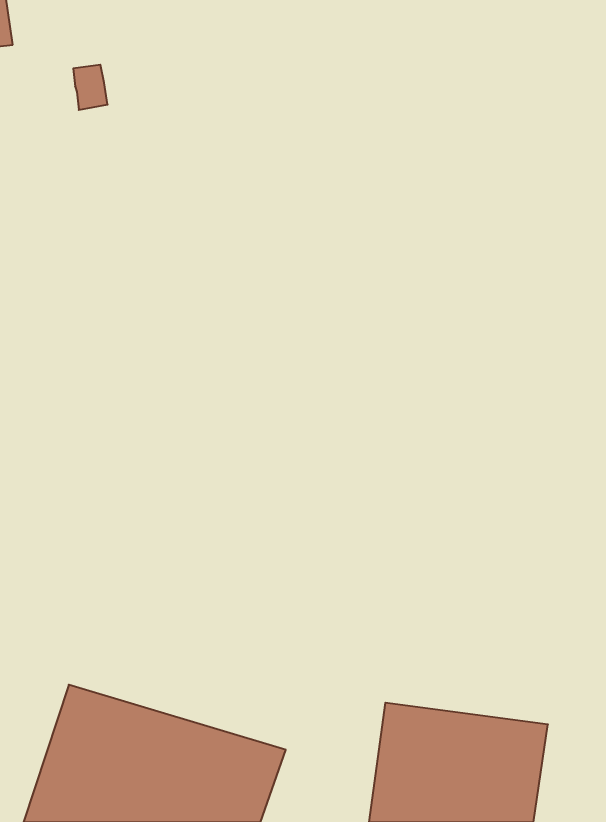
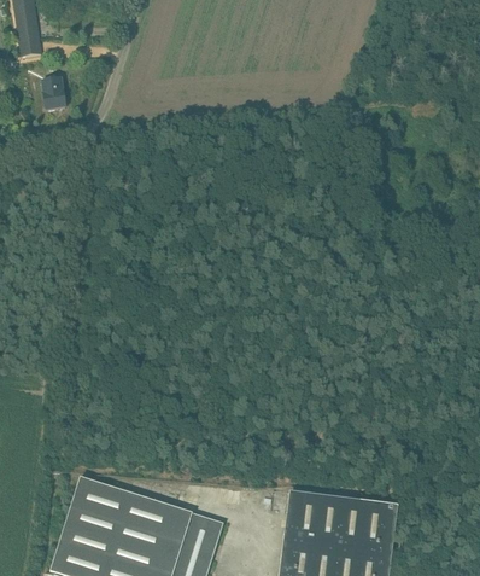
building: [73,65,108,110] -> [42,80,65,110]

